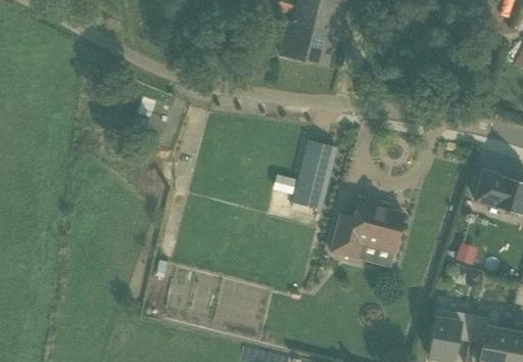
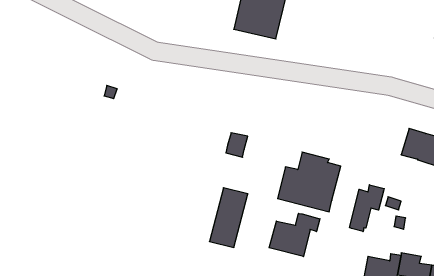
building: [292,139,337,209] -> [209,188,248,247]
building: none -> [350,185,384,232]
building: none -> [269,213,320,257]

